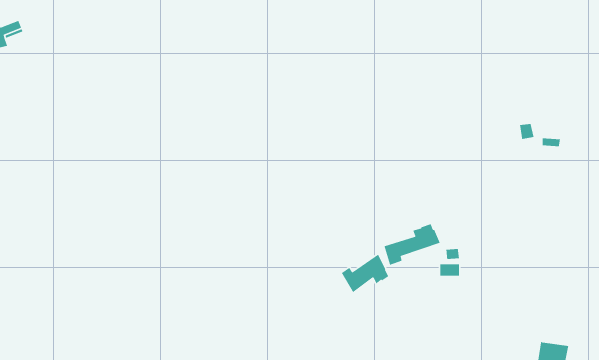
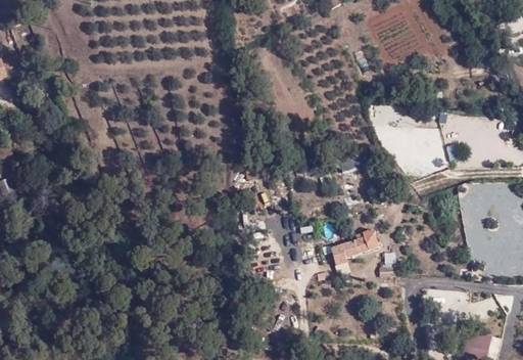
building: [341,253,389,293] -> none

